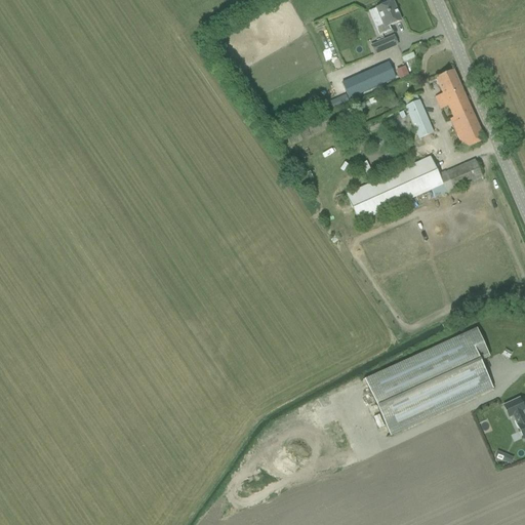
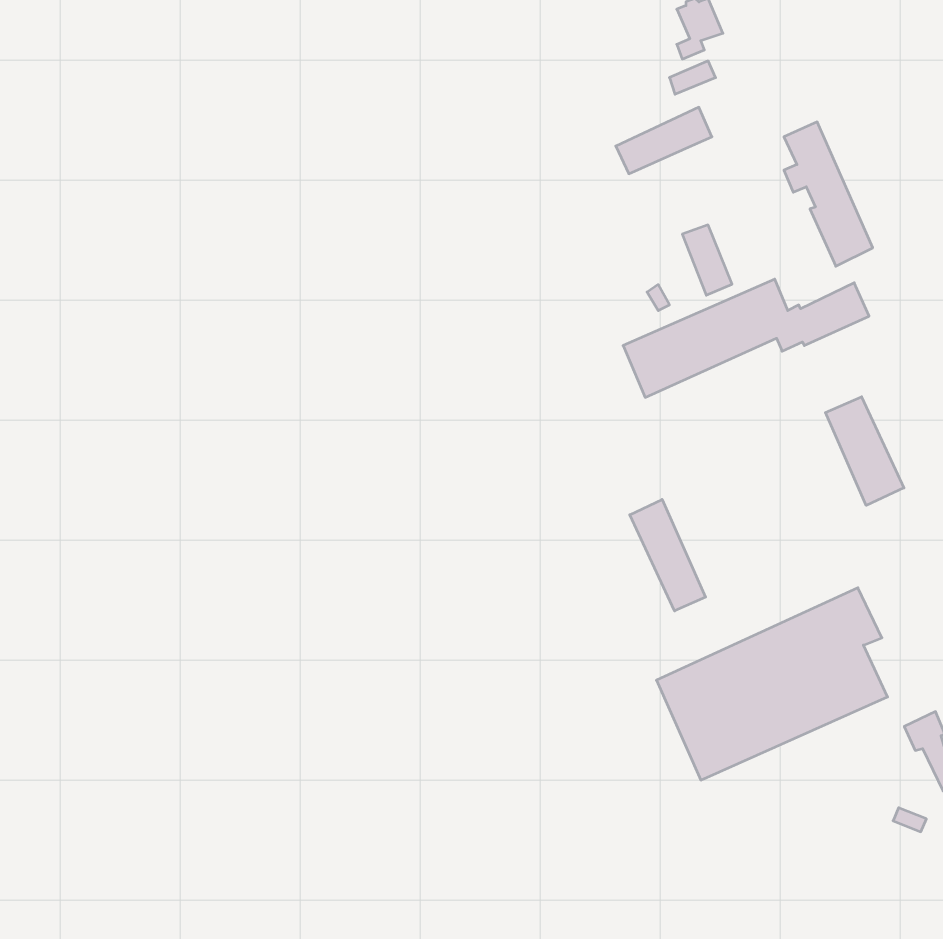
building: [405,98,433,137] -> [682,225,732,295]
building: none -> [825,397,904,505]
building: none -> [630,499,706,611]

